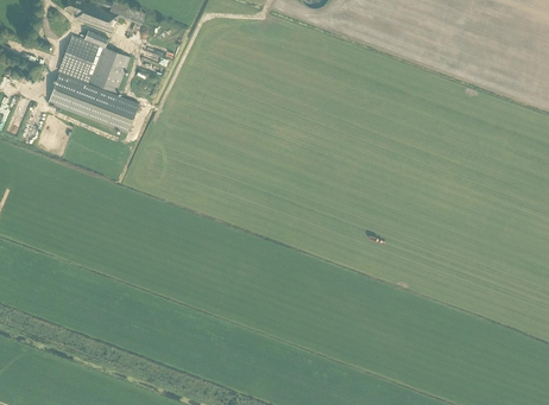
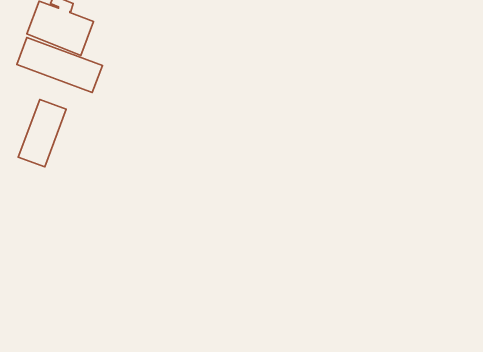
building: none -> [18,99,66,167]

